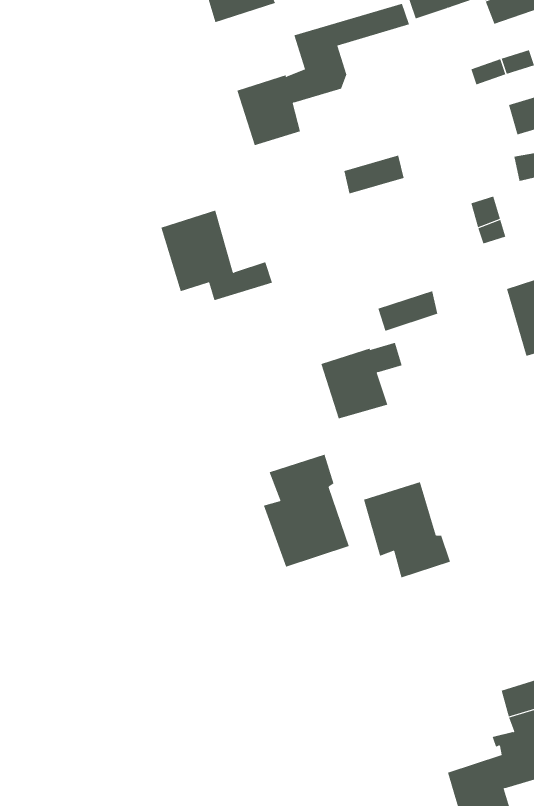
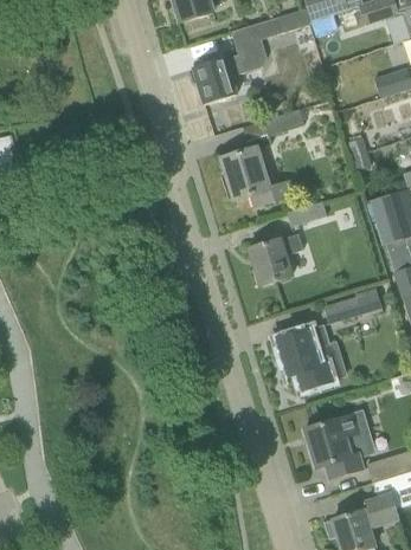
building: [160,210,273,301] -> [220,145,295,206]
building: none -> [323,286,383,325]
building: [263,454,350,567] -> none
building: none -> [304,412,373,478]

